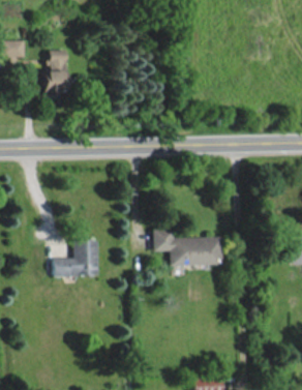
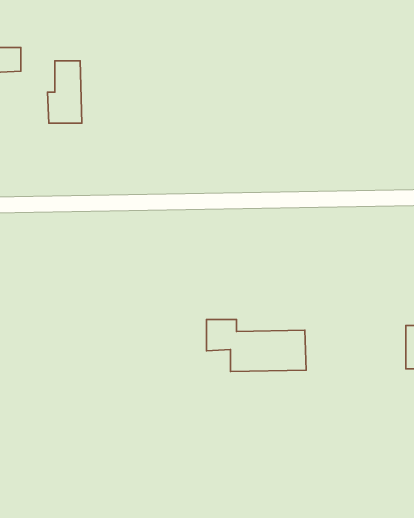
building: [54,240,99,277] -> none

